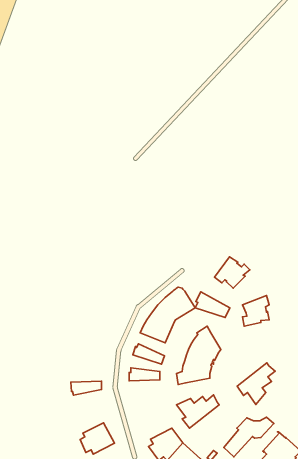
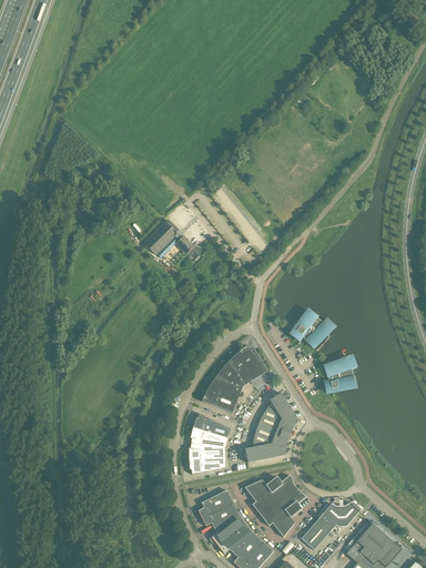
building: none -> [144,220,194,257]
building: [195,292,230,317] -> none
building: none -> [191,427,227,447]
building: [237,363,275,405] -> [261,487,306,537]
building: [71,381,101,395] -> [189,457,225,474]
building: [80,423,114,454] -> [199,490,240,528]

